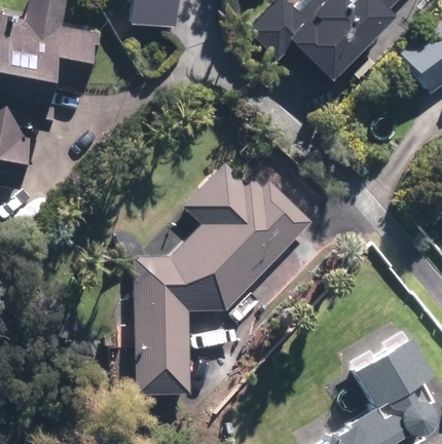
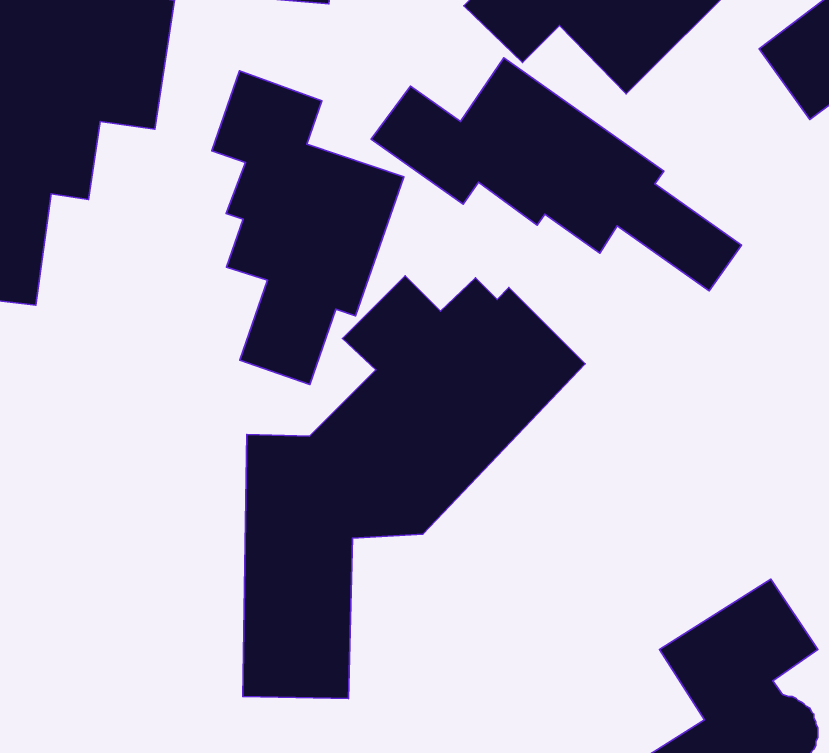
building: none -> [371,58,741,291]
building: none -> [212,71,404,384]

